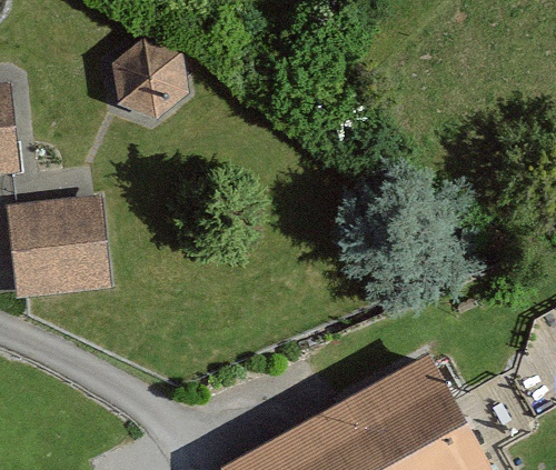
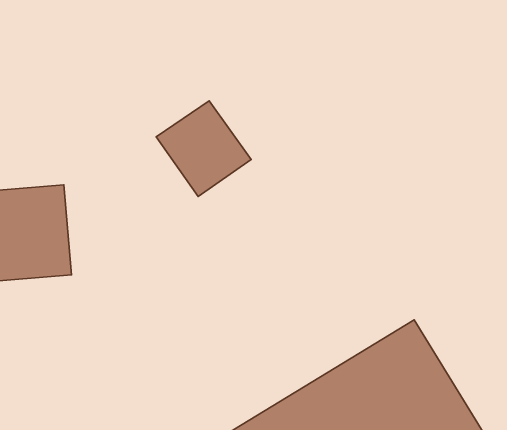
building: [102,42,196,137] -> [156,101,251,197]

